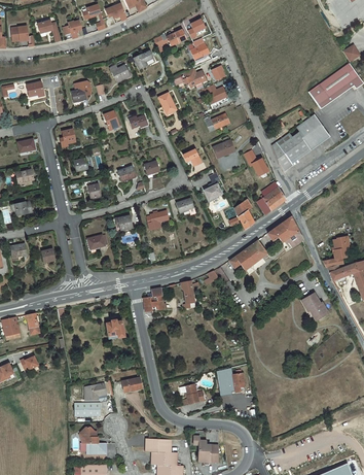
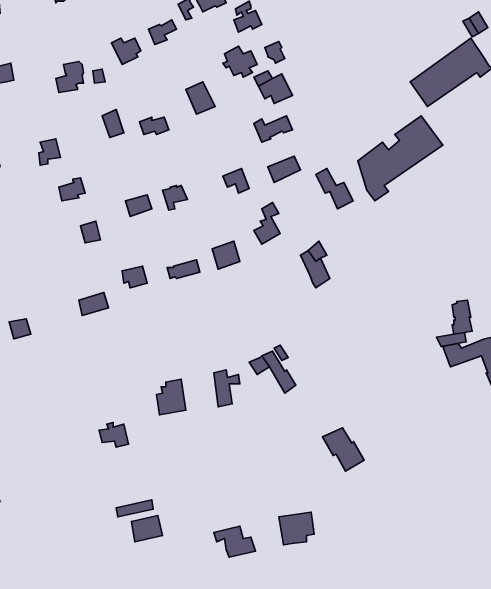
building: [258,181,287,214] -> none
building: [267,216,303,248] -> none
building: [228,239,268,268] -> none
building: [302,293,330,321] -> [322,428,364,471]
building: [72,387,105,420] -> none

